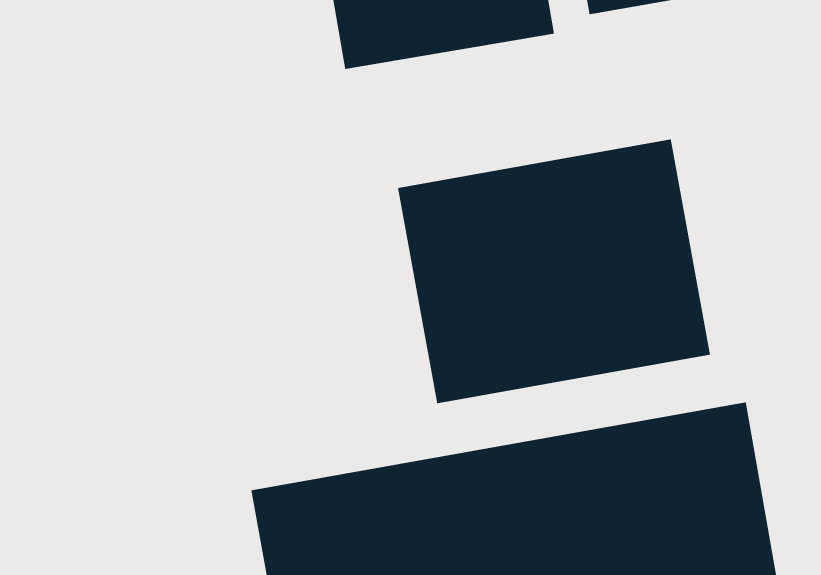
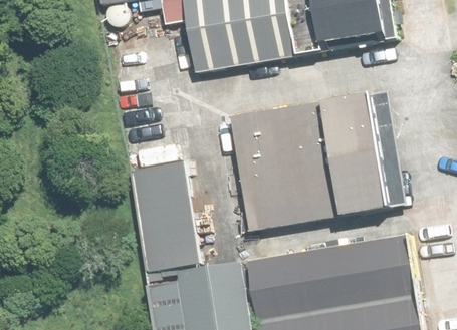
building: none -> [126,146,212,265]

